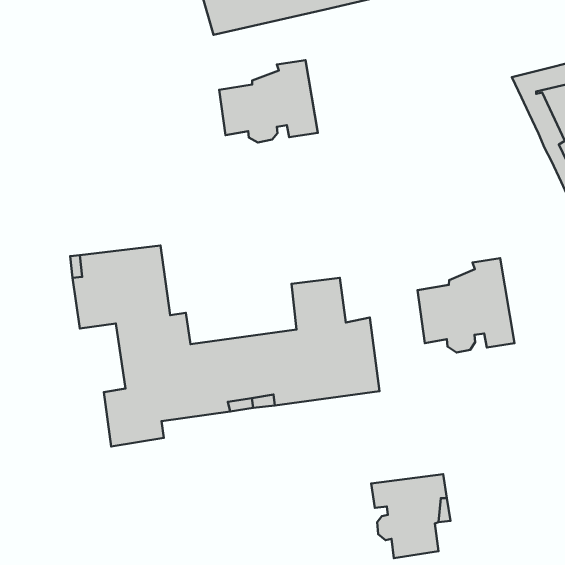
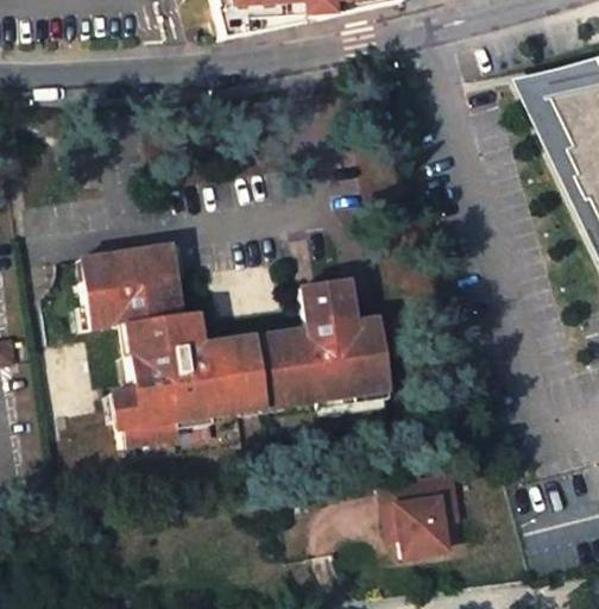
building: [219,60,318,142] -> none
building: [417,258,515,352] -> none

